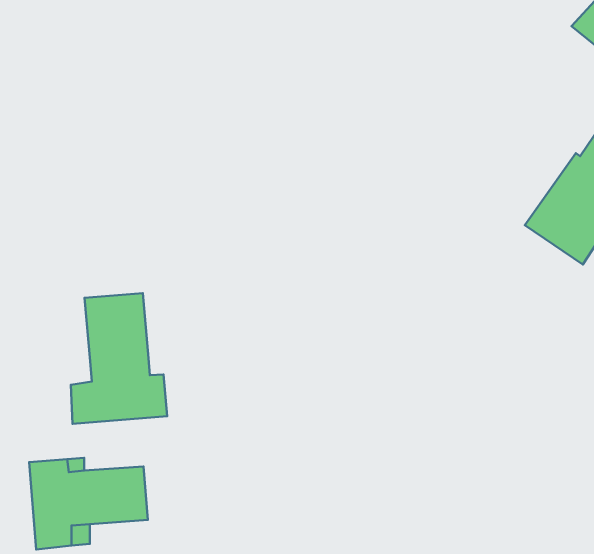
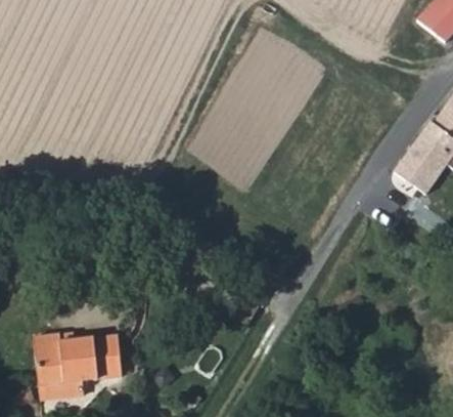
building: [71,293,167,424] -> none

